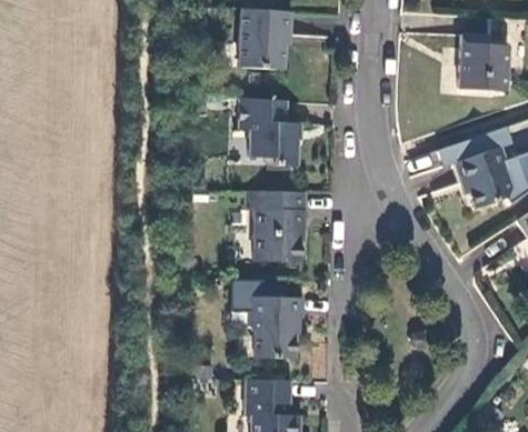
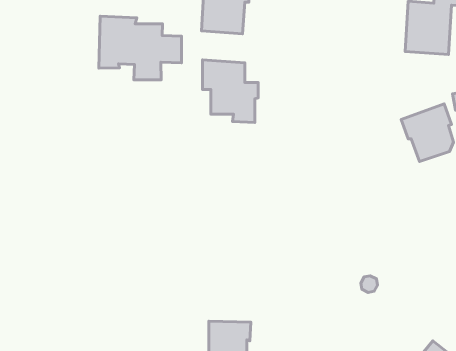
building: none -> [99,16,182,80]
building: [246,190,305,261] -> none
building: [249,295,302,358] -> none

